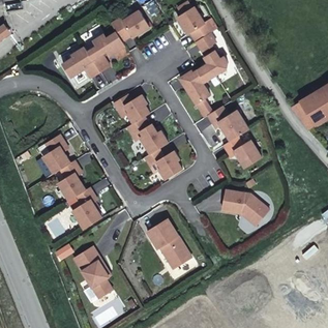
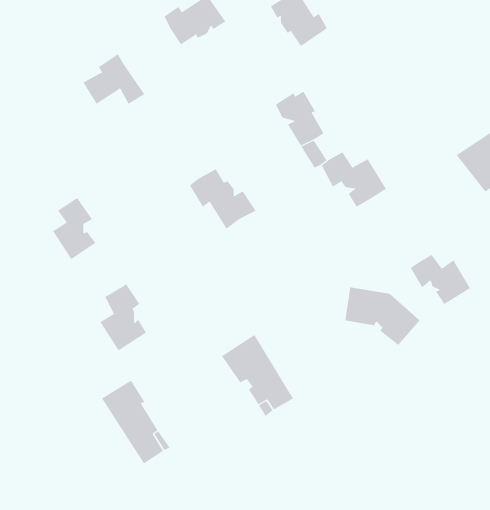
building: [86,32,124,71] -> none
building: [195,33,226,82] -> none
building: [113,94,149,123] -> none
building: [222,137,260,168] -> [410,254,471,305]
building: [144,148,181,179] -> none
building: [58,160,85,200] -> none

